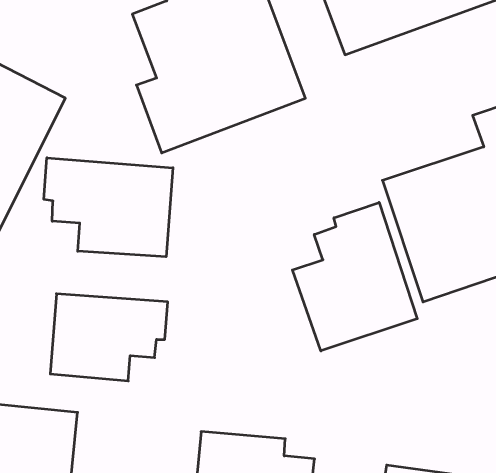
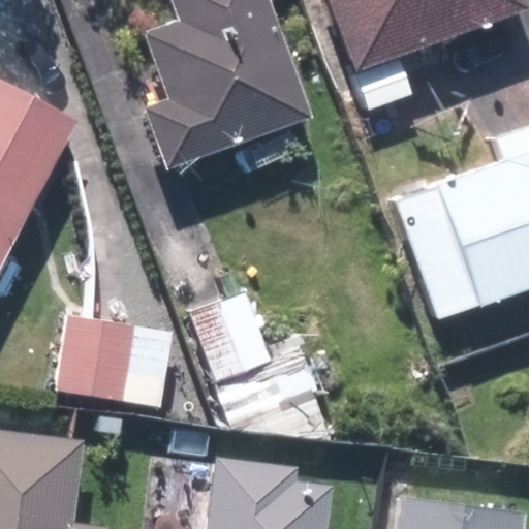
building: [44,158,173,257] -> none
building: [292,202,417,351] -> none
building: none -> [188,291,288,427]

